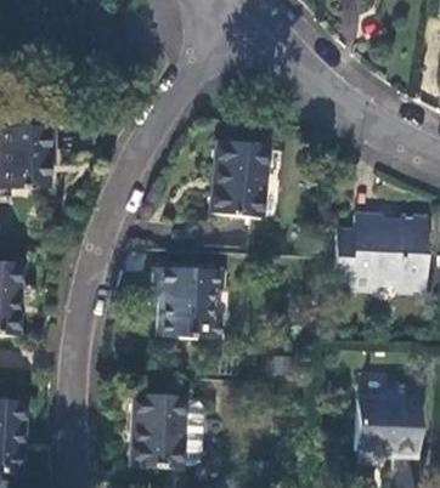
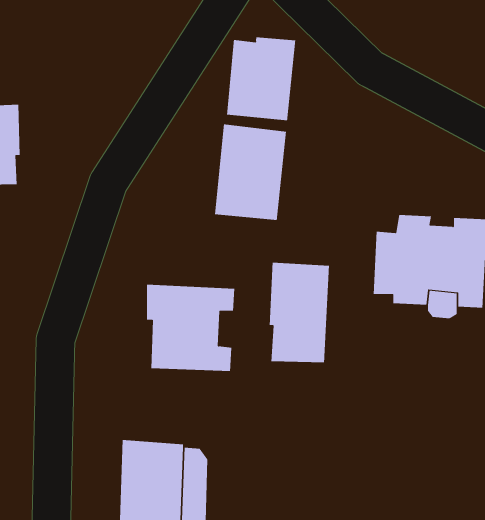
building: none -> [227,36,296,121]
building: none -> [269,262,329,363]
building: [355,393,419,452] -> none

